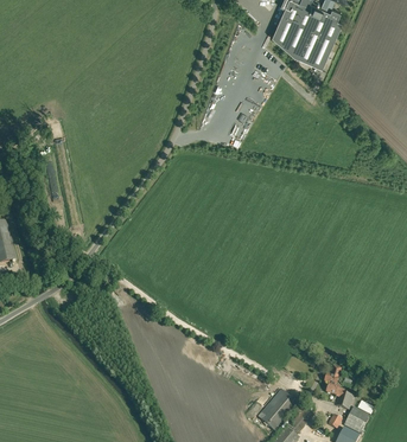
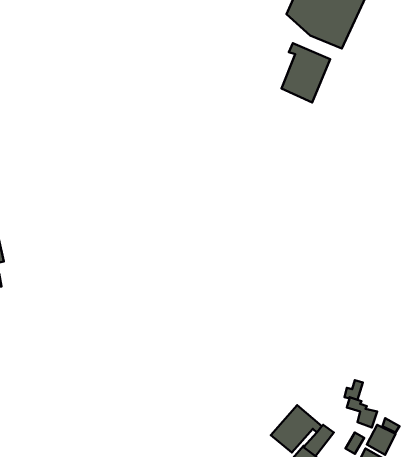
building: none -> [281,43,330,103]

